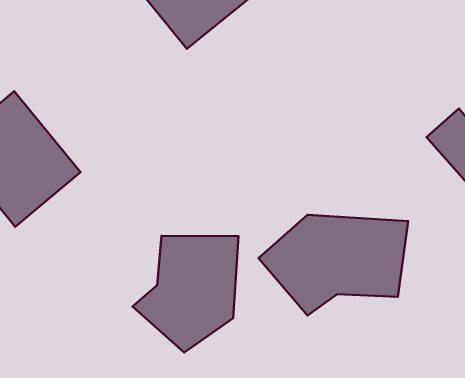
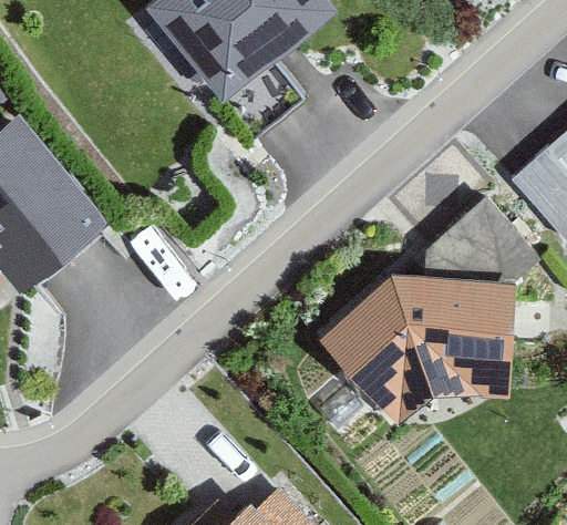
building: none -> [436,223,516,277]
building: [132,236,238,353] -> none

